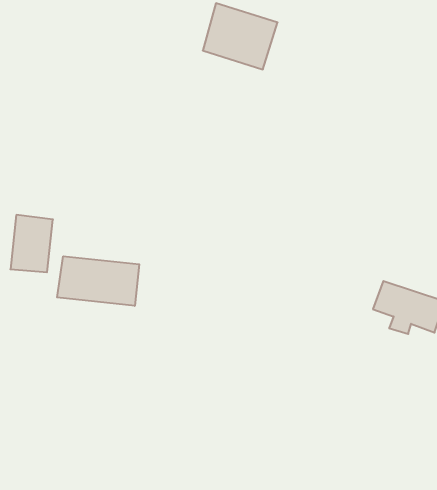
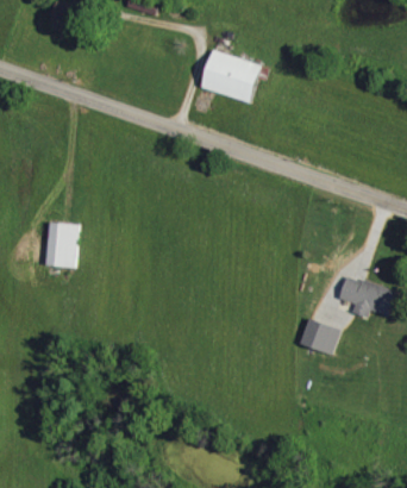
building: [57,256,139,306] -> none
building: none -> [300,318,339,354]

